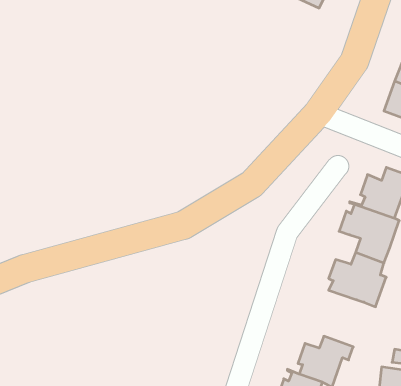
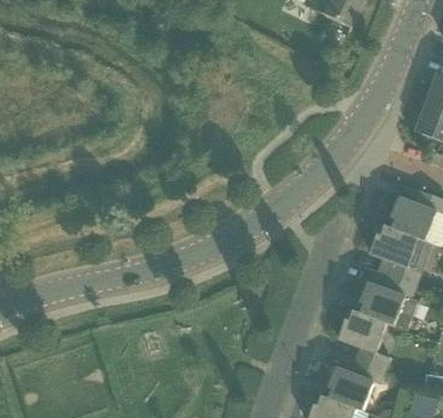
building: none -> [338,308,389,370]

